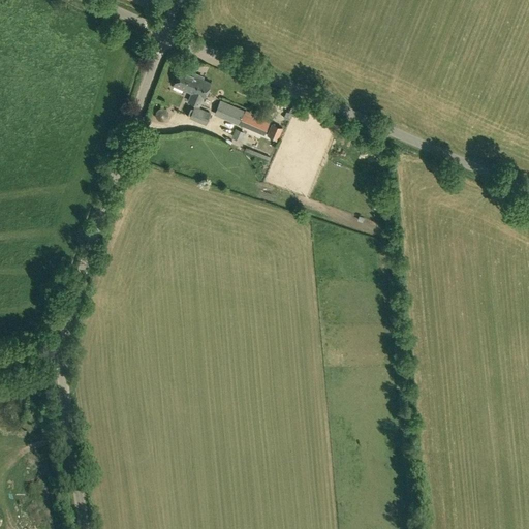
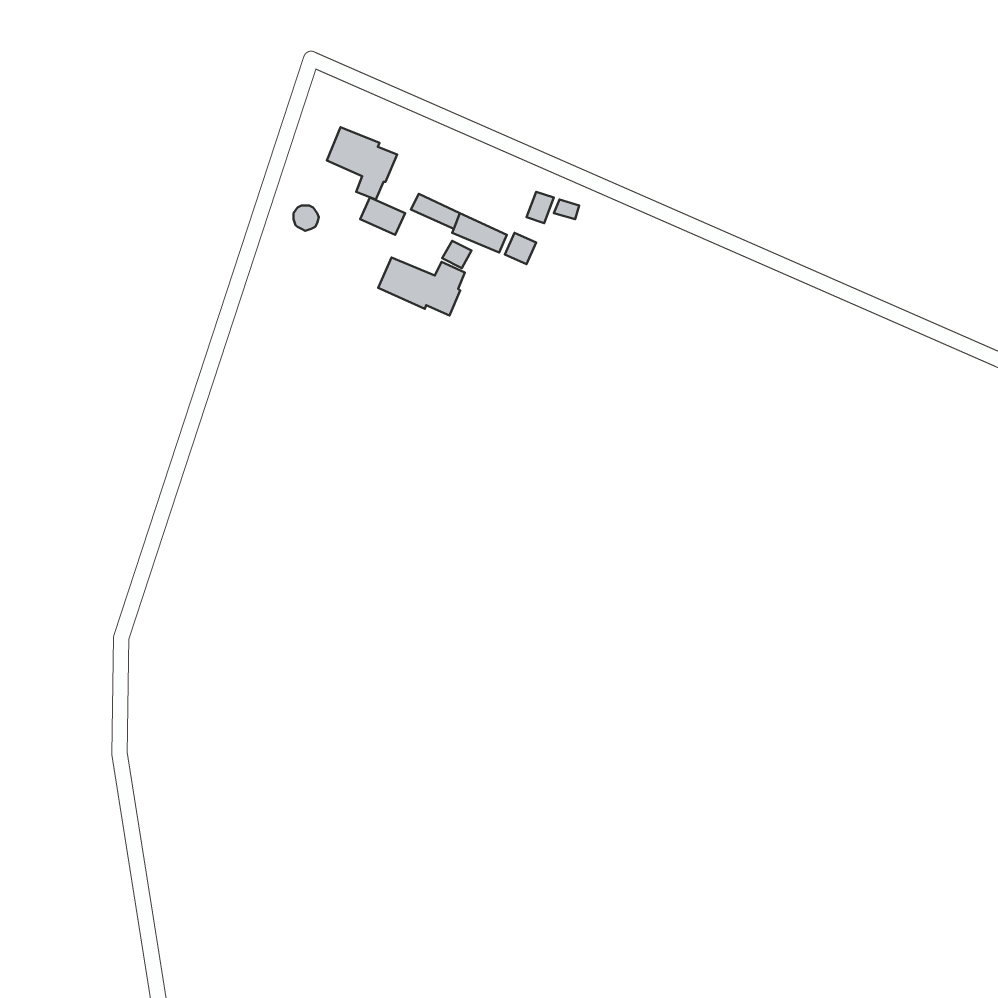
building: none -> [378,258,465,316]

